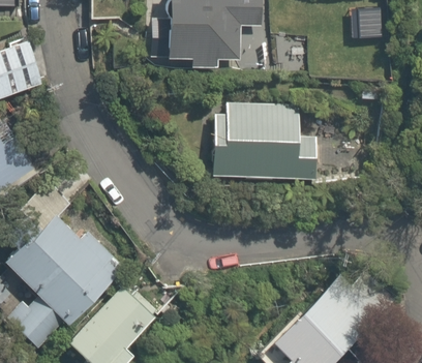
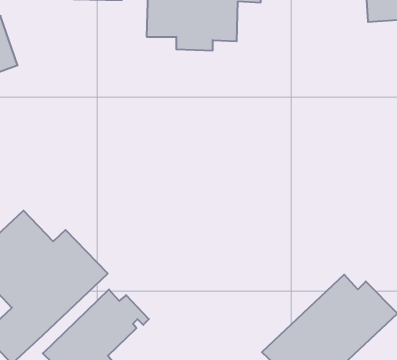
building: [210,101,321,180] -> none

